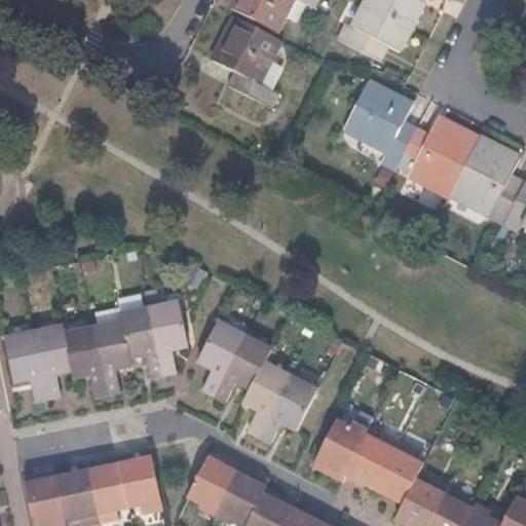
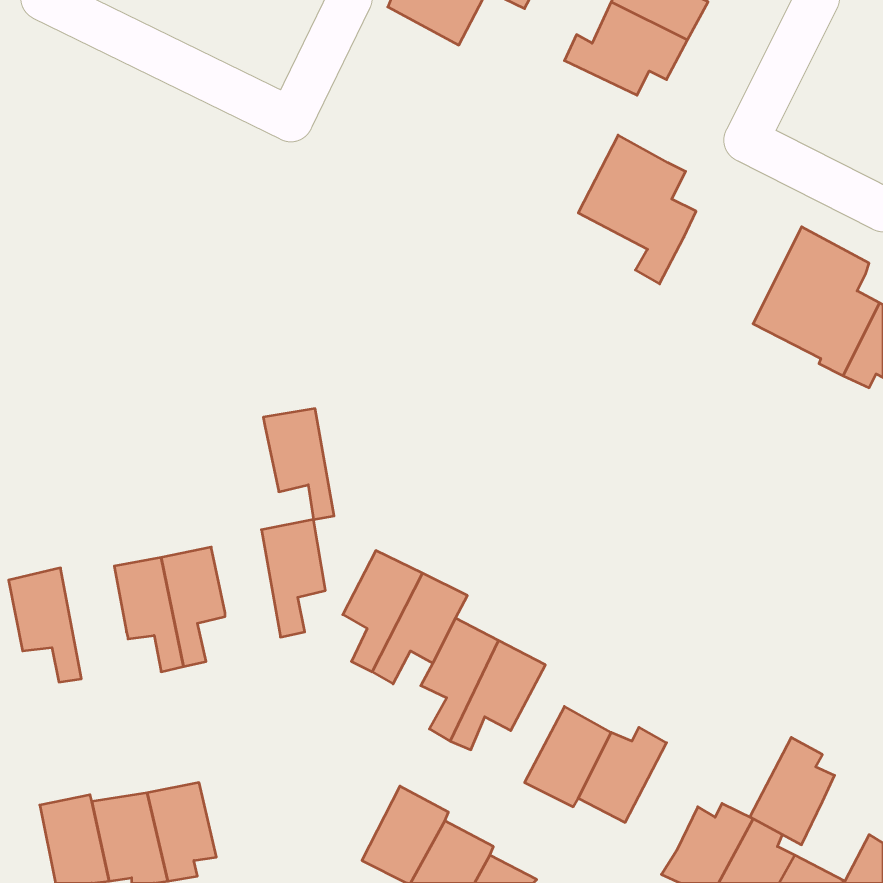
building: [210,14,277,105] -> none
building: [406,116,475,192] -> none
building: [124,314,166,380] -> [263,409,334,519]
building: [36,331,75,403] -> none
building: [371,441,421,504] -> [750,737,835,845]
building: [185,450,237,511] -> none
building: [118,459,161,516] -> none

